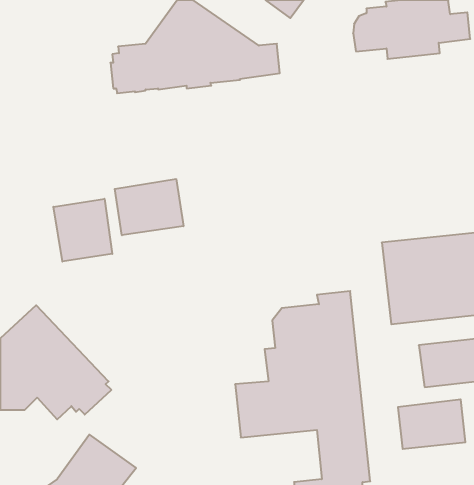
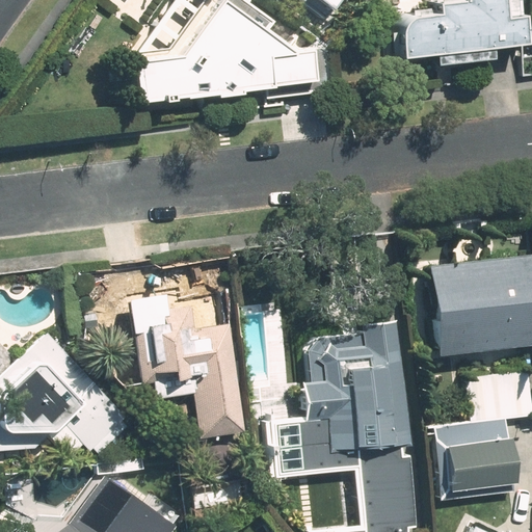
building: [115,179,183,235] -> none
building: [53,199,112,262] -> none
building: none -> [130,294,250,440]

